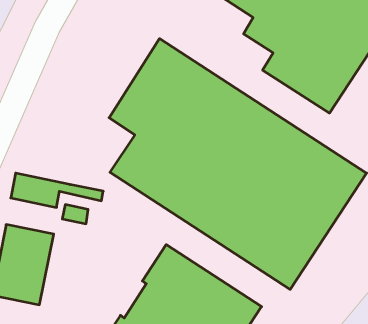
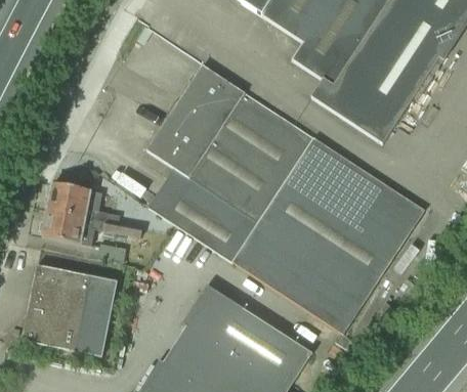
building: none -> [47,182,141,228]
building: none -> [73,274,119,356]

